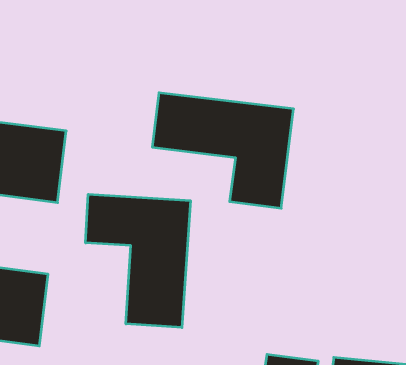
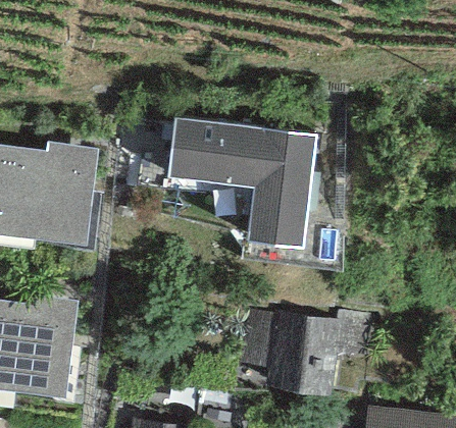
building: [86,194,190,328] -> none
building: none -> [234,311,371,390]

